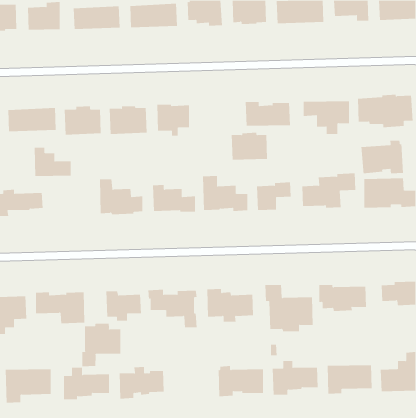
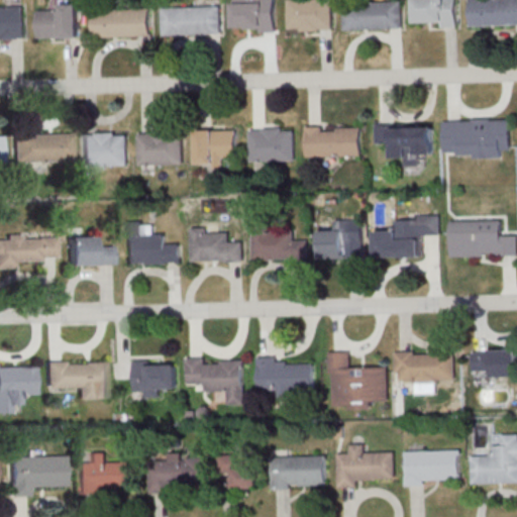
building: [231,132,268,160] -> [247,127,293,162]
building: [361,140,404,174] -> none
building: [34,147,71,177] -> [64,229,110,266]
building: [82,323,121,367] -> none
building: none -> [216,452,256,490]

